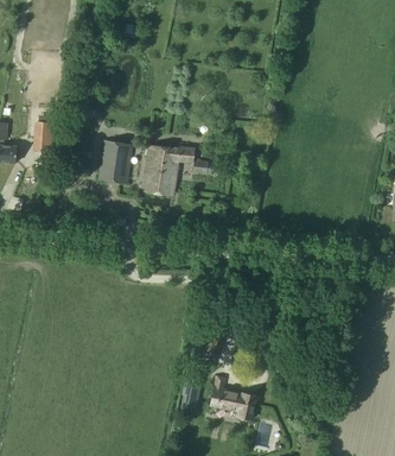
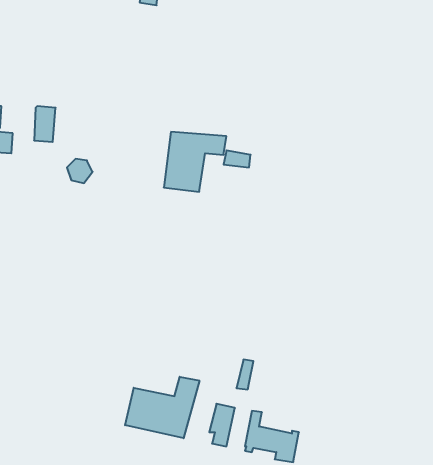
building: [98,140,132,184] -> none
building: none -> [125,377,199,438]

